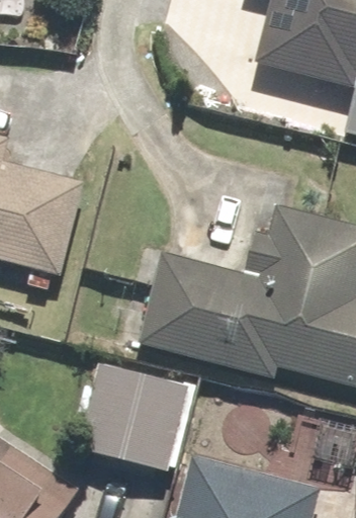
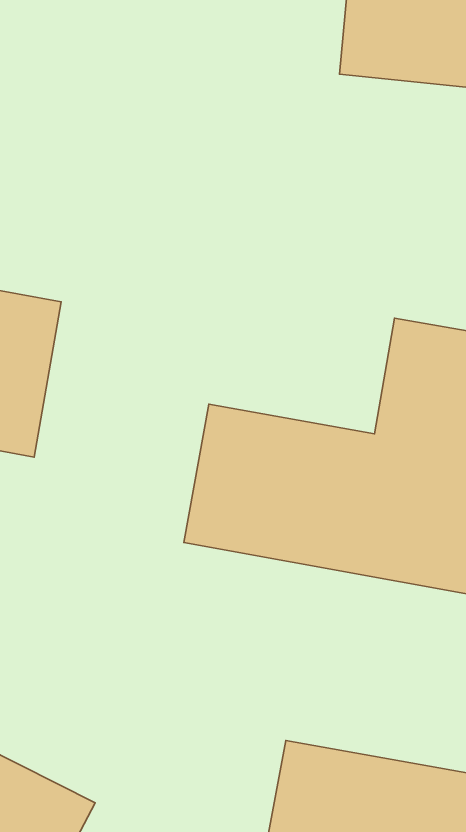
building: [81,366,197,469] -> none

